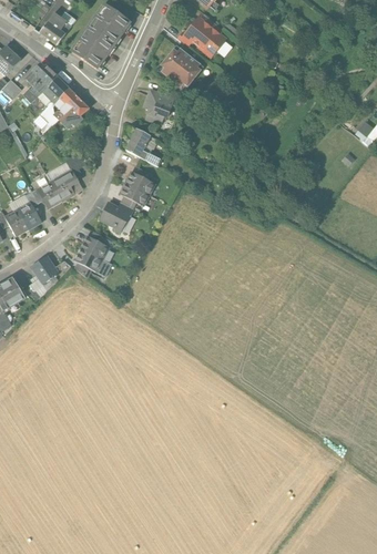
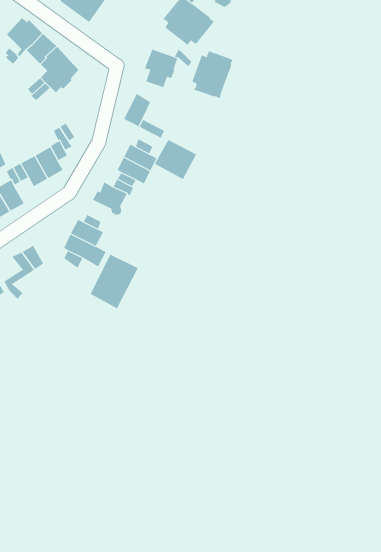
building: none -> [191,51,233,100]
building: none -> [154,139,197,180]
building: none -> [90,254,139,309]

